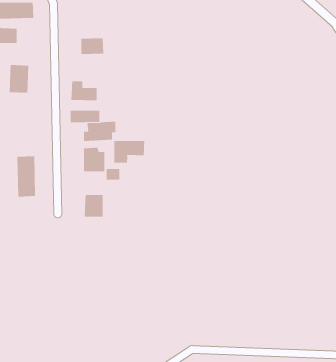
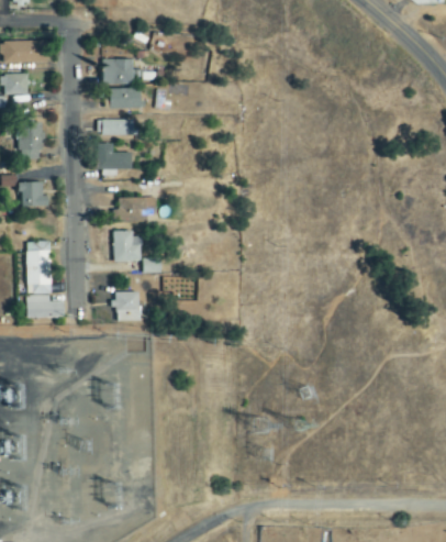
building: none -> [101,58,132,84]
building: none -> [19,181,48,207]
building: [70,110,100,123] -> [97,119,136,135]
building: [114,140,145,164] -> none
building: none -> [24,295,65,318]

